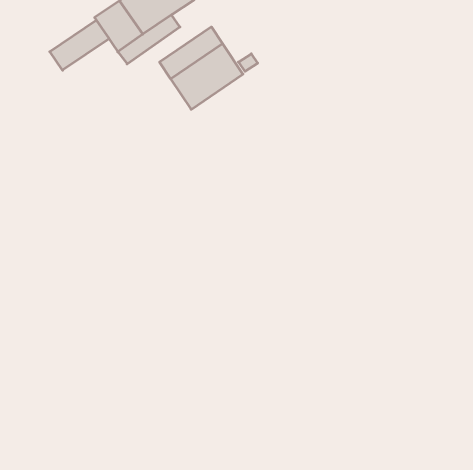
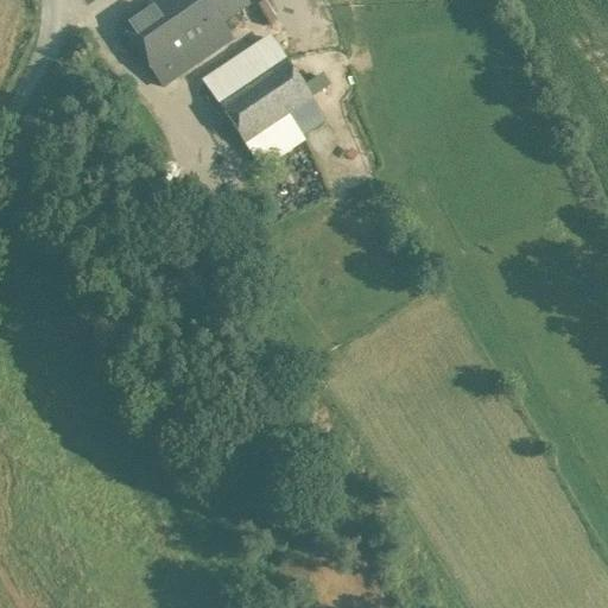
building: [50,20,109,70] -> none
building: none -> [246,95,327,160]

